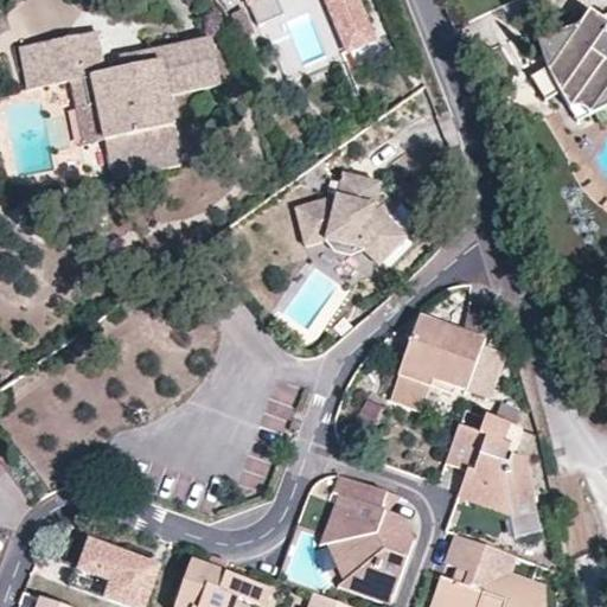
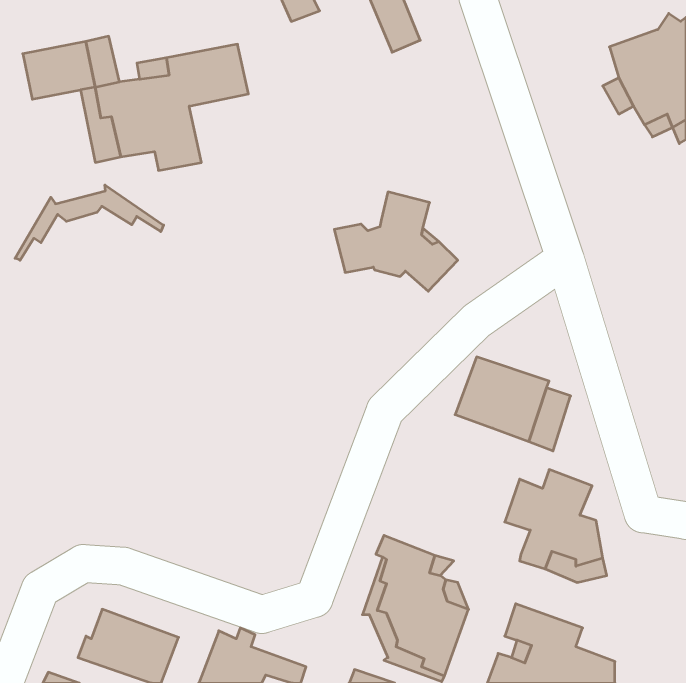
building: none -> [15,185,164,260]
building: [390,366,435,410] -> none

